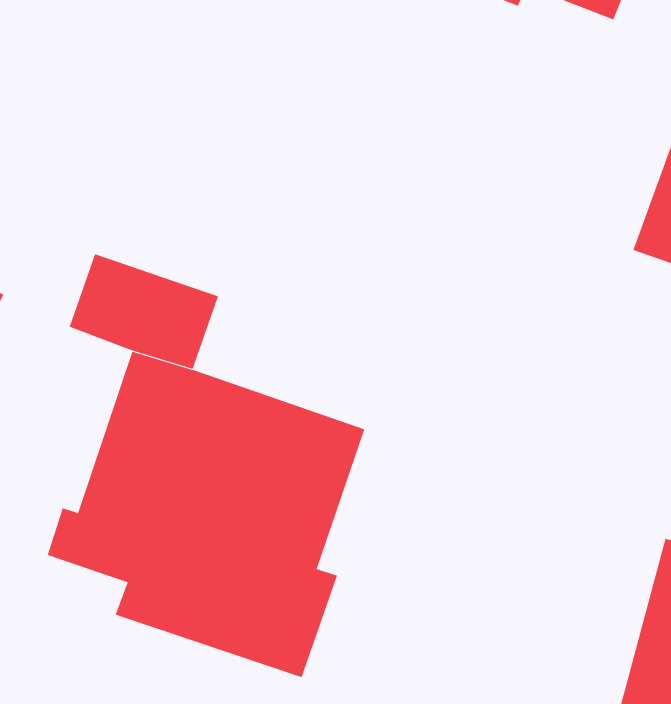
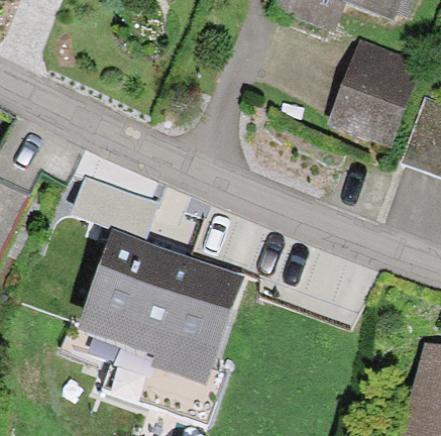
building: none -> [322,30,423,148]

